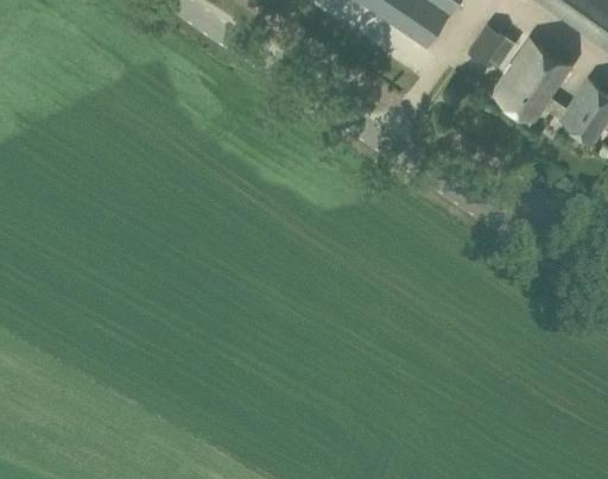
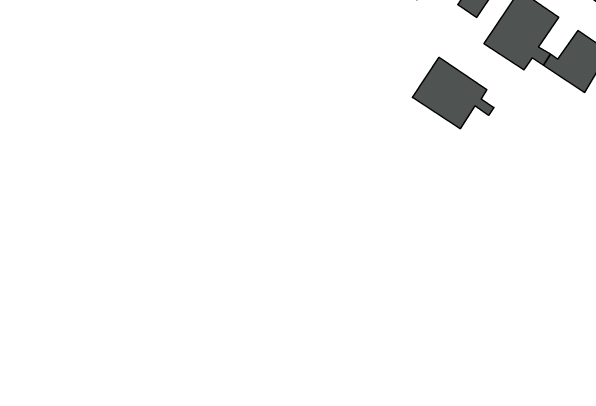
building: none -> [412,57,494,129]

